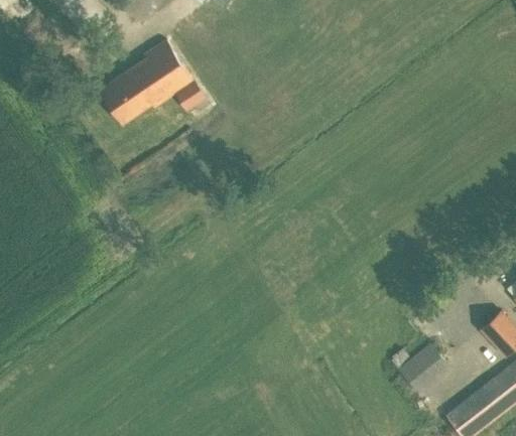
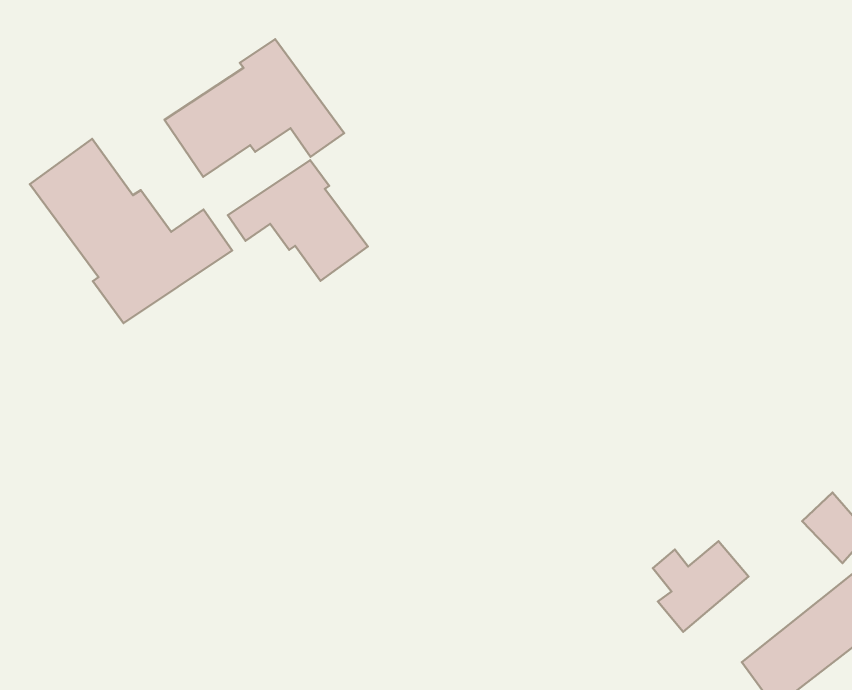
building: none -> [30,139,232,323]
building: none -> [228,160,368,281]

